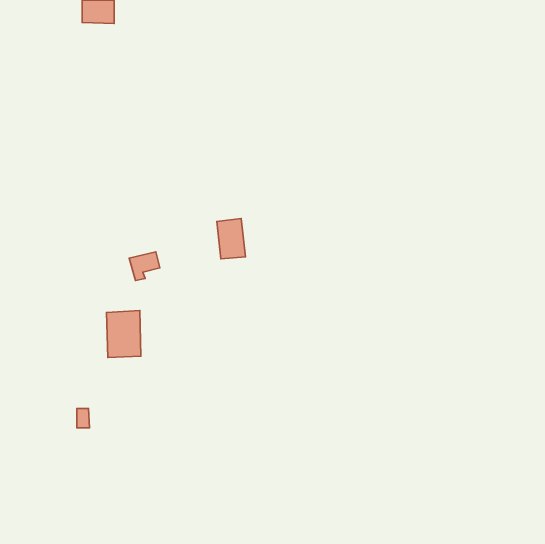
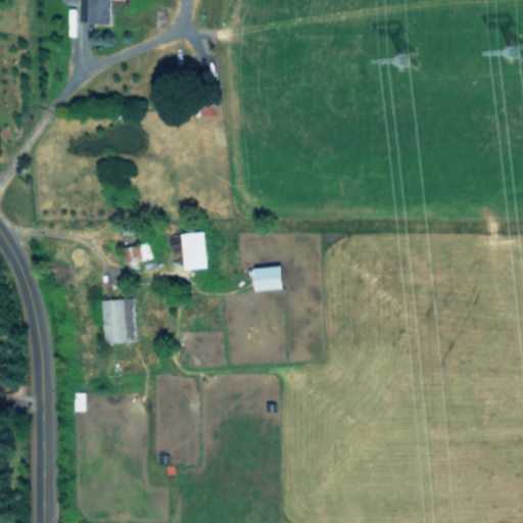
building: [217,218,246,259] -> [180,231,207,270]
building: none -> [253,266,283,291]

